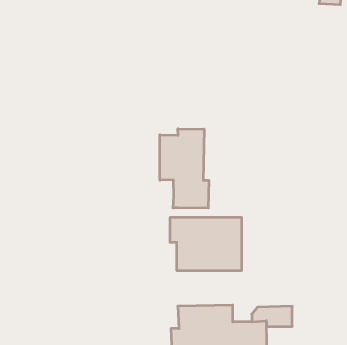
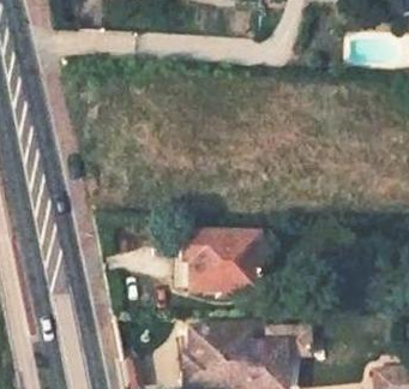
building: [160,129,209,208] -> none

